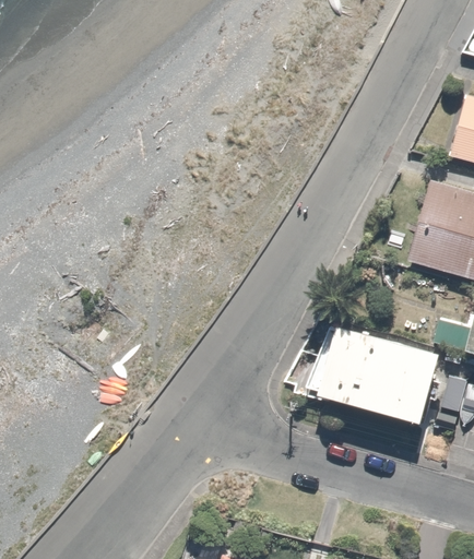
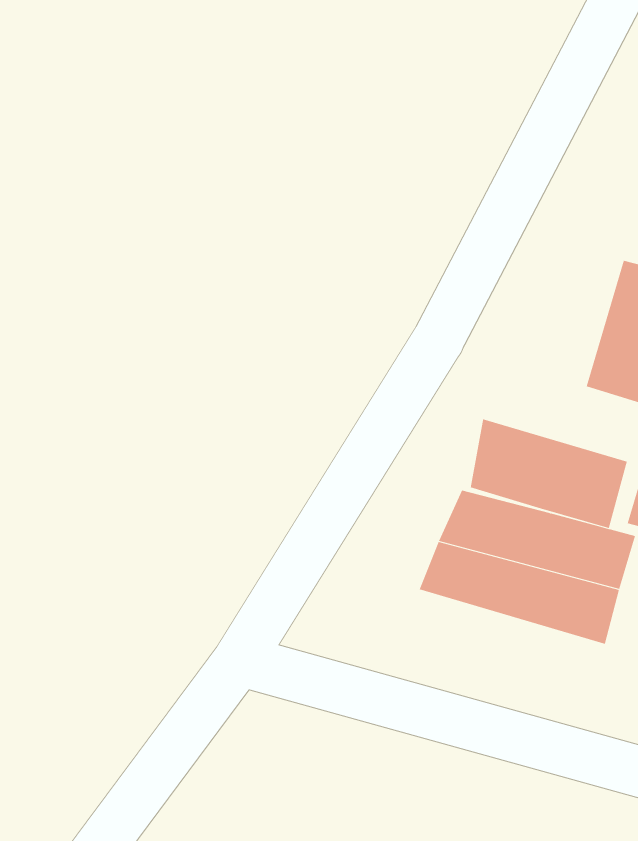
building: none -> [470,419,627,529]

